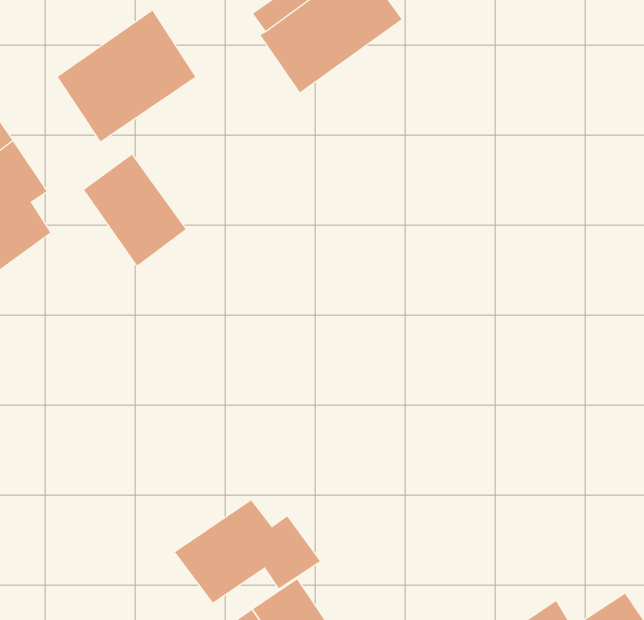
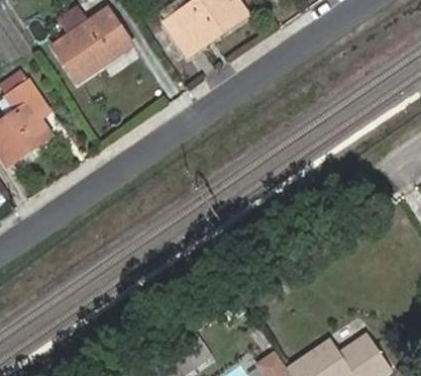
building: [83,154,186,267] -> none
building: [174,500,321,603] -> none

